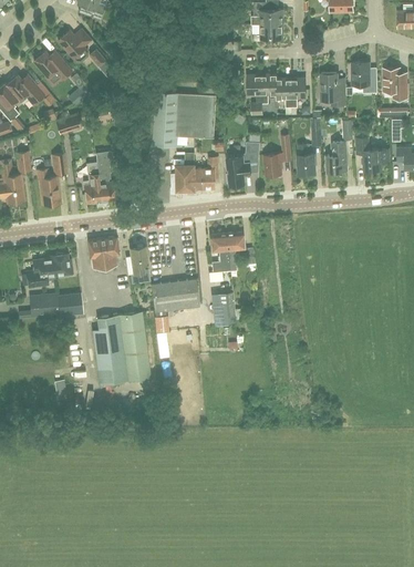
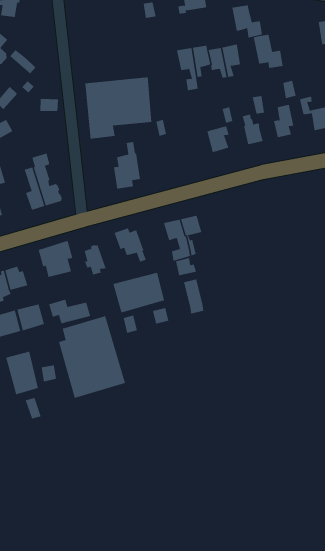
building: [352,61,377,92] -> [231,5,263,38]
building: [226,141,260,185] -> none
building: [195,156,218,187] -> none
building: none -> [114,227,146,263]
building: none -> [48,299,91,324]
building: none -> [6,351,39,395]

